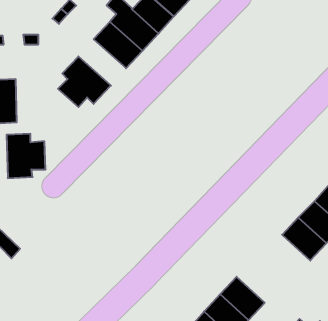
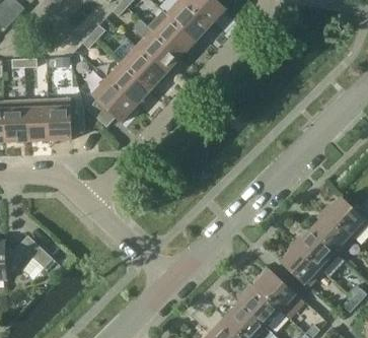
building: none -> [106,62,151,106]
building: [7,134,46,178] -> [48,98,84,140]
building: none -> [282,246,323,287]
building: none -> [254,269,295,310]

